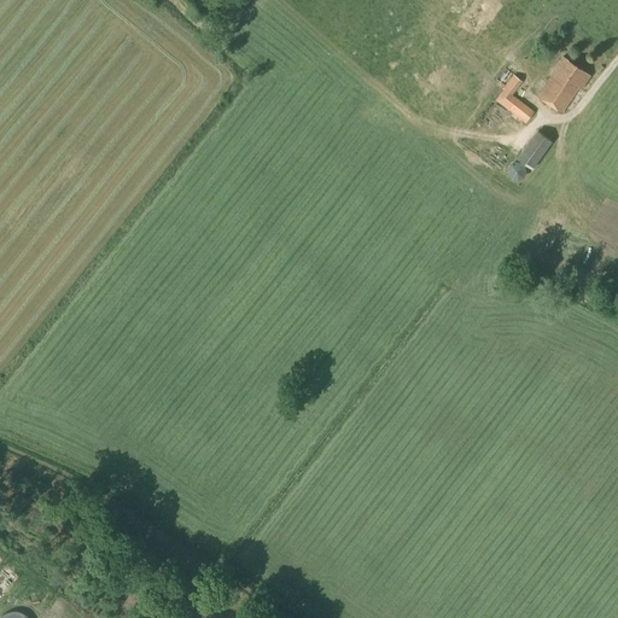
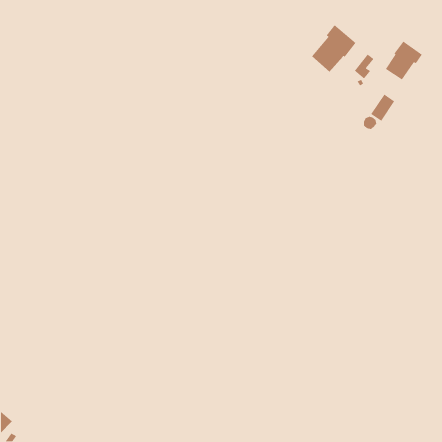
building: none -> [311,24,357,73]

